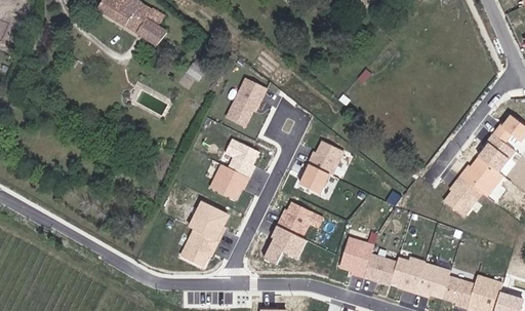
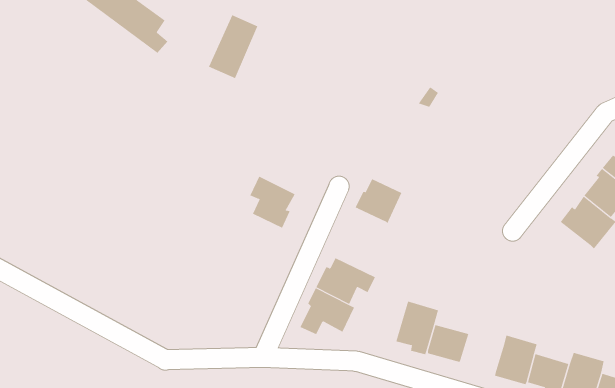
building: [226,76,265,126] -> [208,14,258,79]
building: [208,163,250,201] -> none
building: [299,163,330,193] -> none
building: [449,173,490,216] -> none
building: [179,199,230,268] -> none
building: [389,256,426,294] -> none

